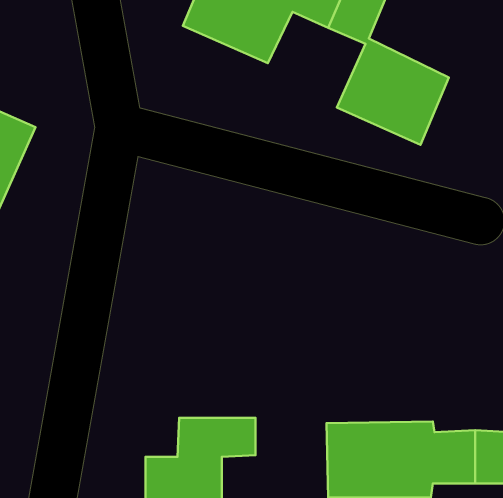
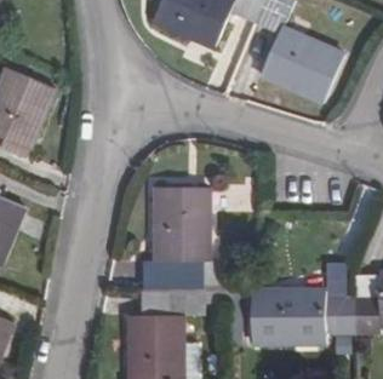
building: none -> [153,186,207,287]

